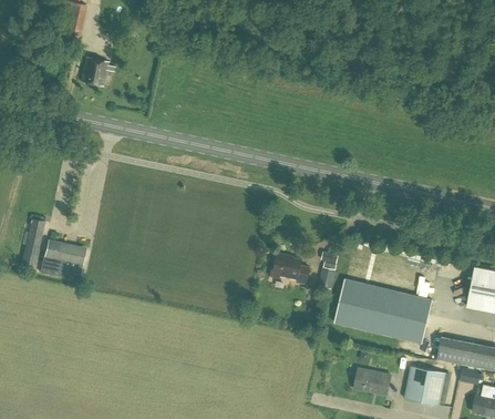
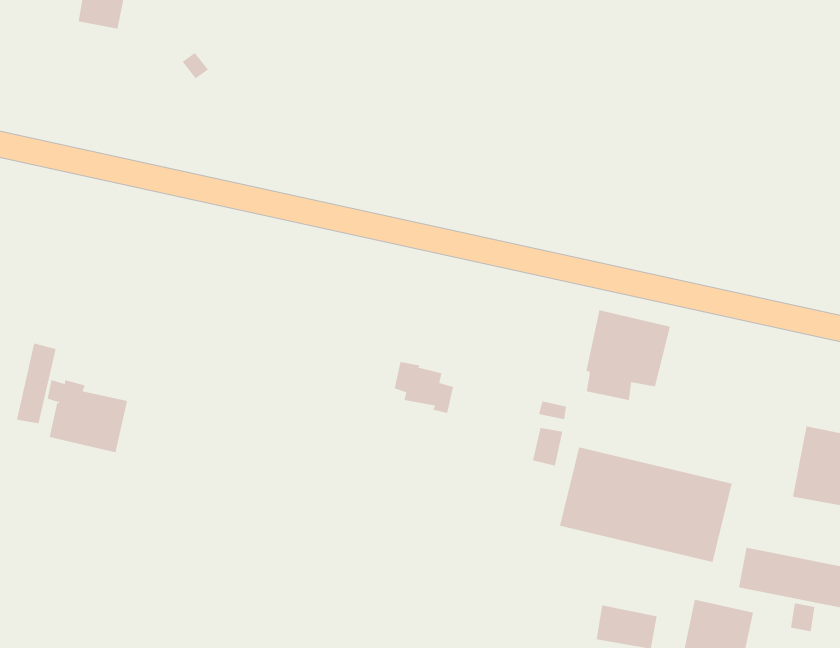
building: [80,57,107,85] -> none
building: none -> [586,309,670,401]
building: [274,253,308,283] -> [394,362,454,414]

